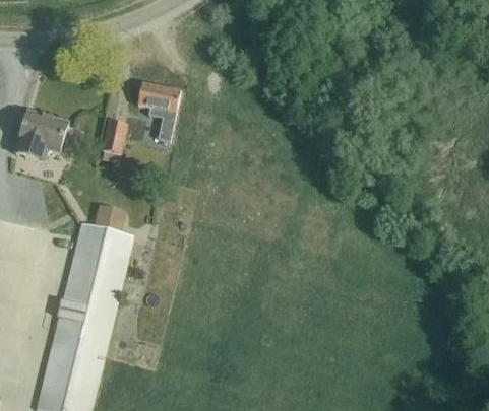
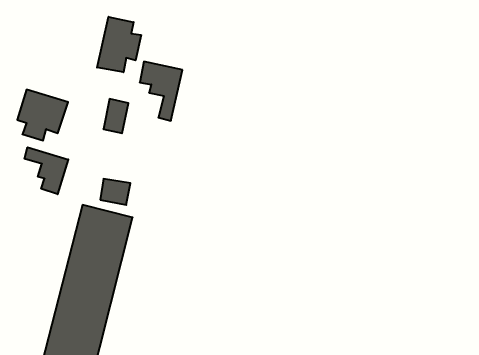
building: none -> [97,17,141,72]
building: none -> [24,147,68,194]

